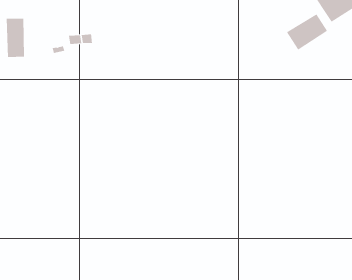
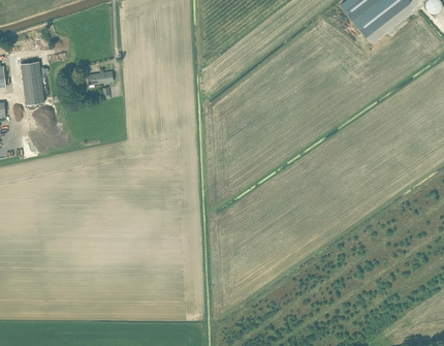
building: [286,13,328,51] -> none

